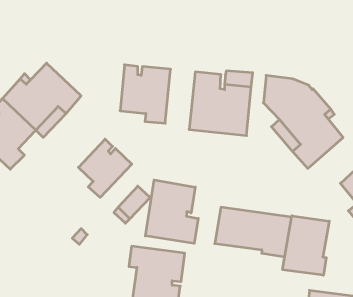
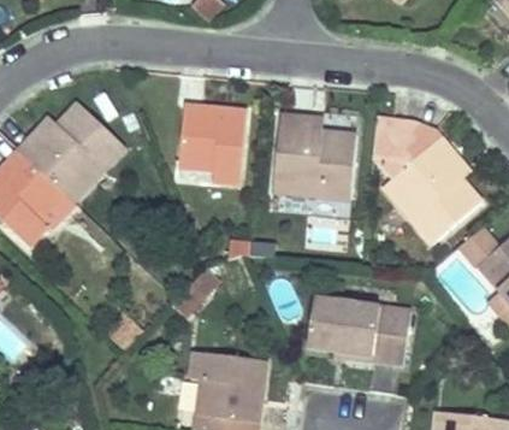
building: [78,139,132,197] -> none
building: [145,180,198,243] -> none
building: [283,216,329,275] -> none

